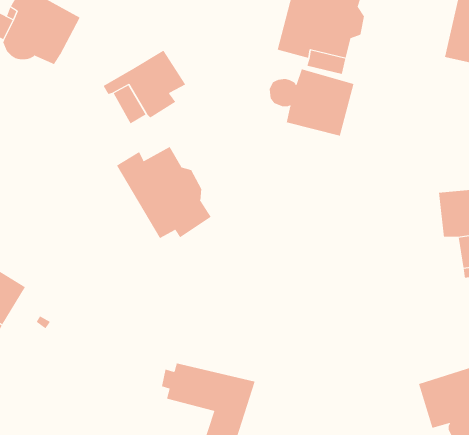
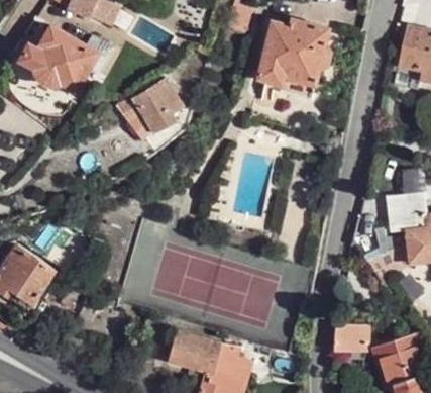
building: [269,69,354,137] -> none
building: [116,146,211,239] -> none
building: none -> [334,324,368,351]

